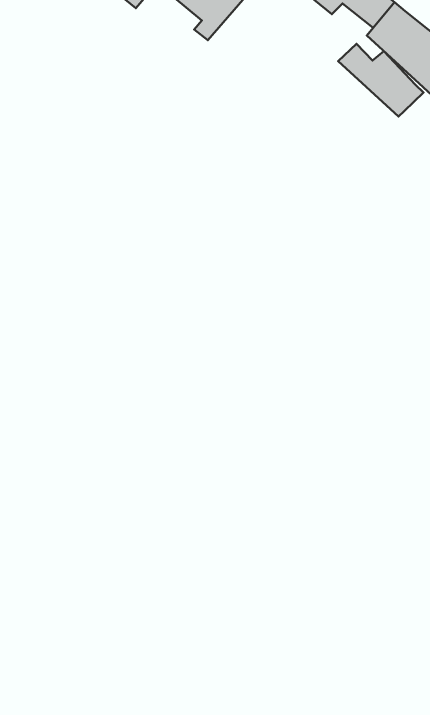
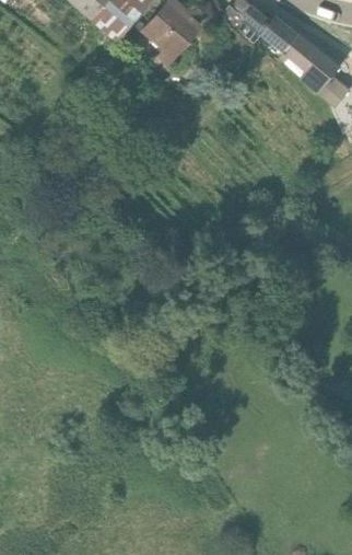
building: [338,44,424,117] -> none

